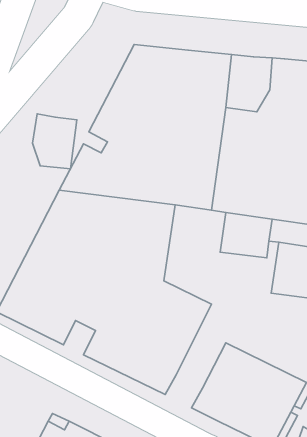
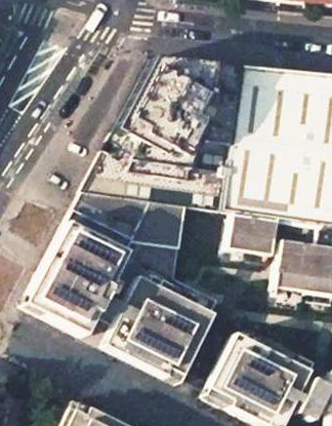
building: [32,114,77,169] -> none

